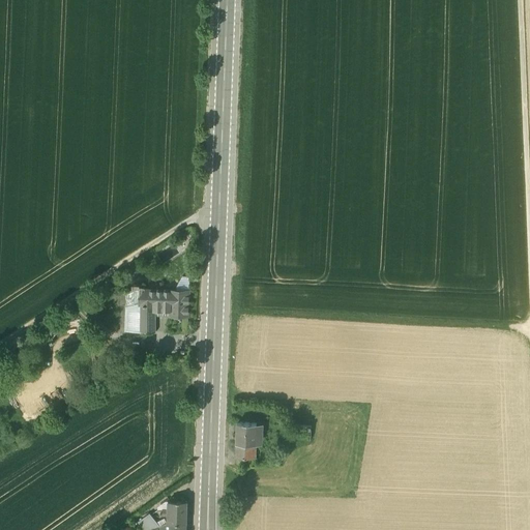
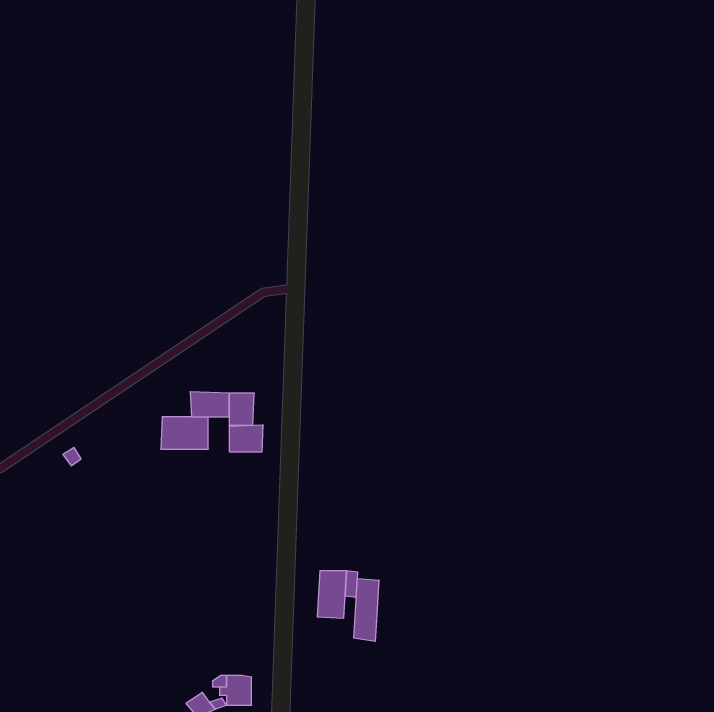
building: none -> [230,425,263,452]
building: none -> [354,578,379,641]

